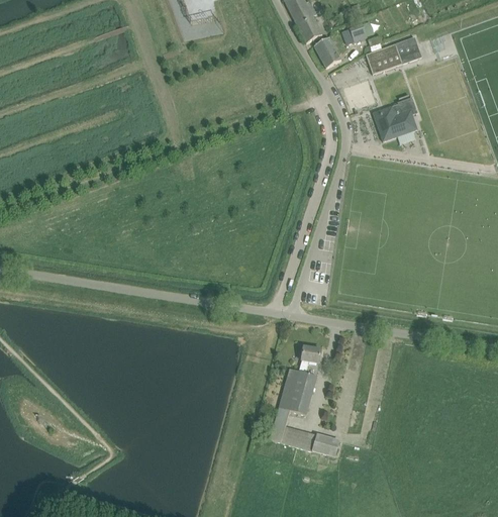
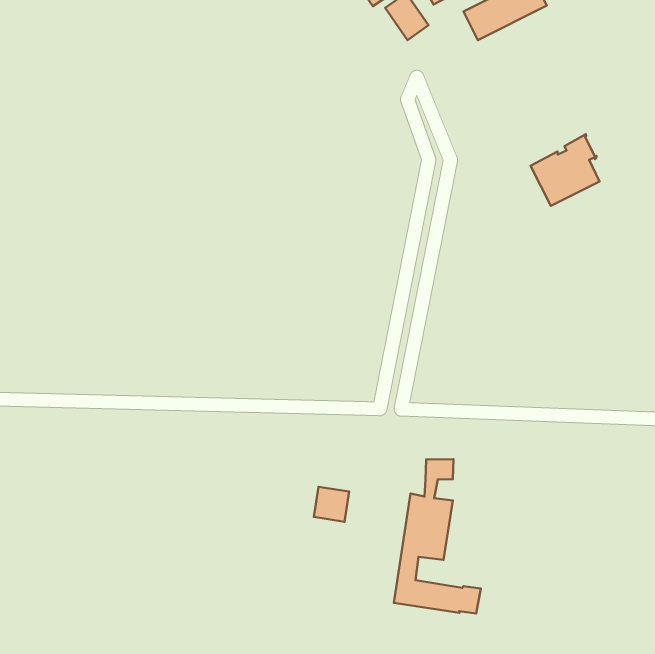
building: [373,96,417,140] -> [530,134,600,206]
building: none -> [314,487,349,522]

